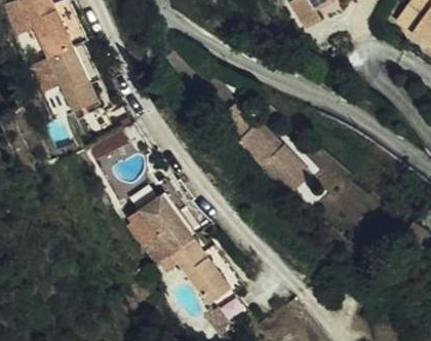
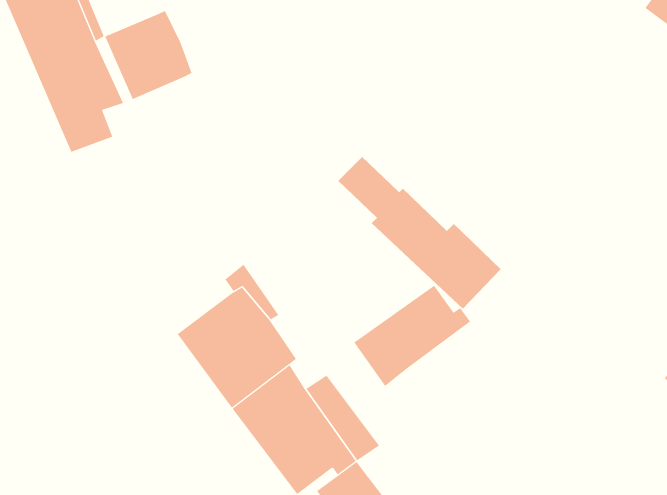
building: none -> [104,10,192,100]
building: none -> [353,285,471,387]

